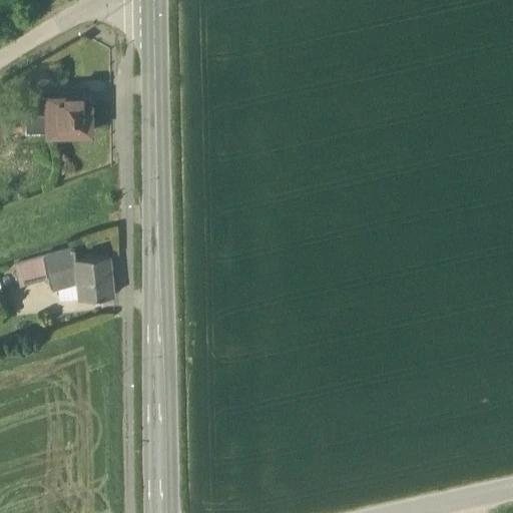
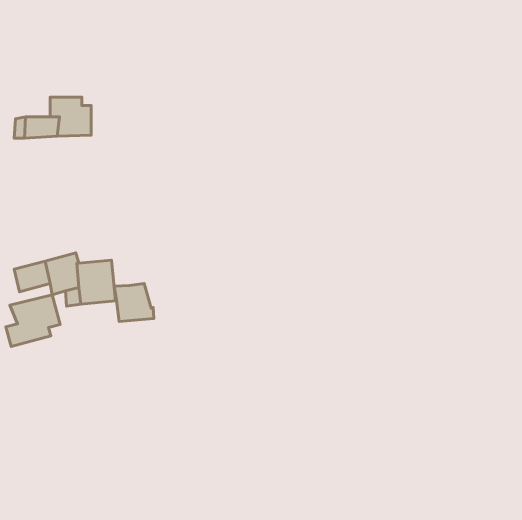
building: none -> [114,284,154,321]
building: none -> [6,295,60,346]

